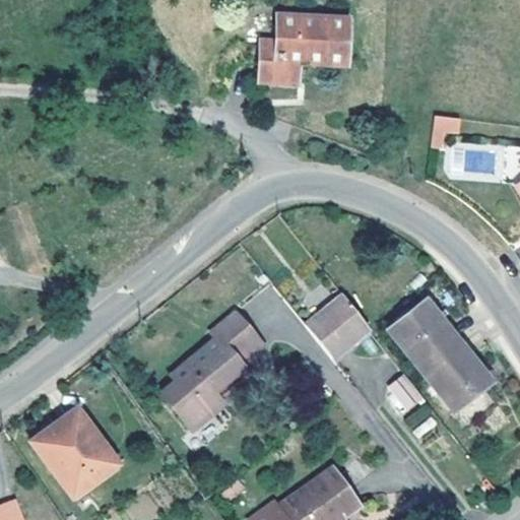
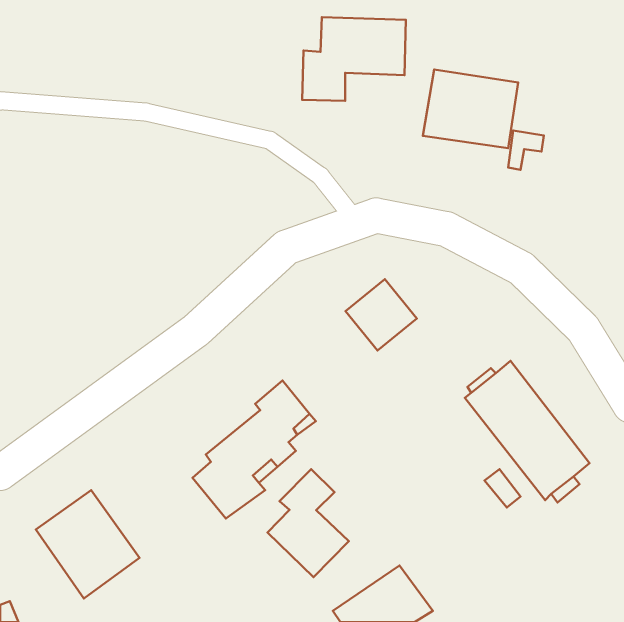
building: none -> [423,69,518,148]
building: [310,299,369,358] -> [345,279,417,350]
building: none -> [268,469,349,577]

